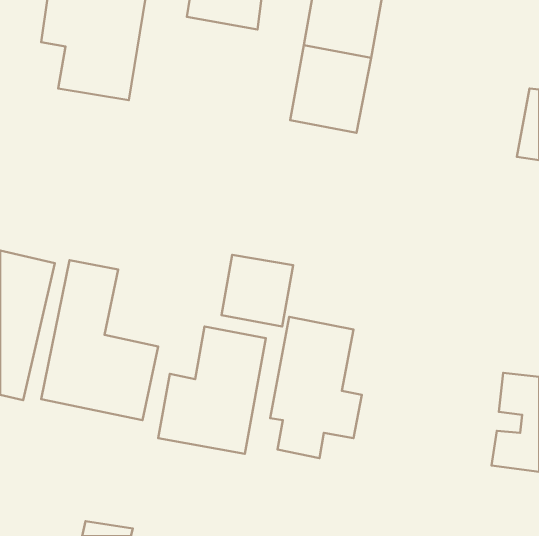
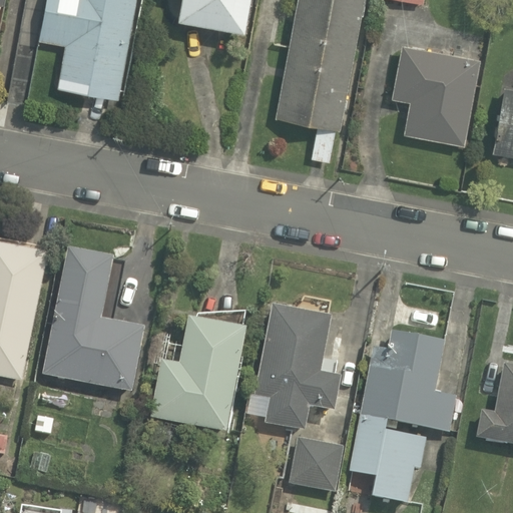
building: none -> [391,42,479,141]
building: [221,255,293,326] -> none
building: none -> [348,325,458,504]
building: none -> [290,438,341,489]

